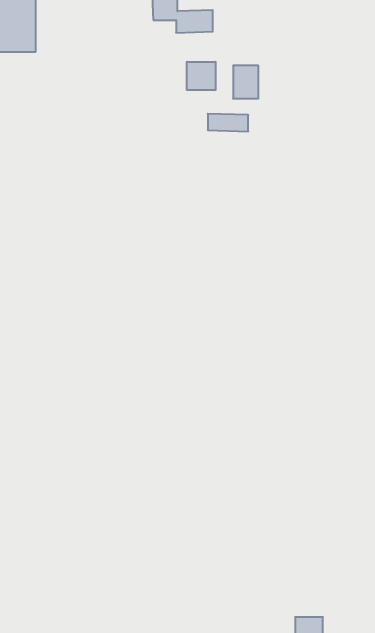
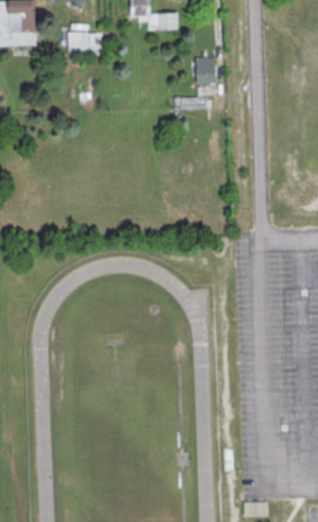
building: none -> [68,32,102,54]
building: [187,62,216,90] -> none

